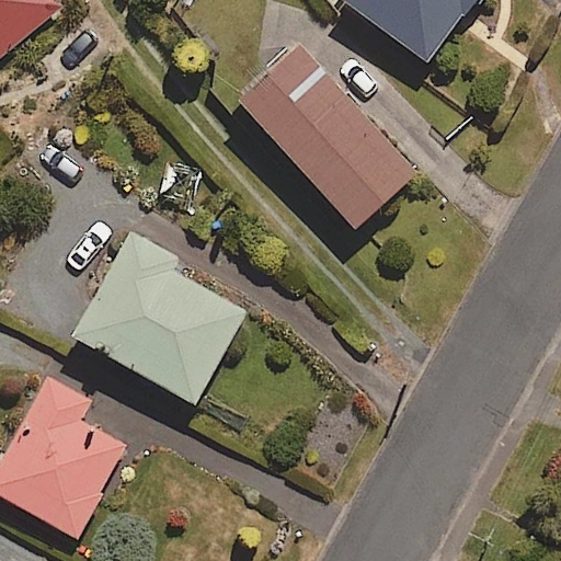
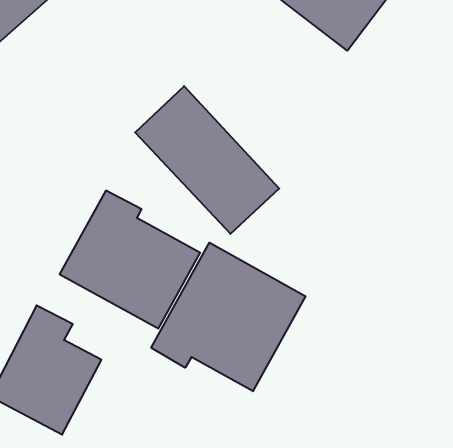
building: [238,47,415,229] -> [135,86,279,234]
building: none -> [151,243,305,391]

